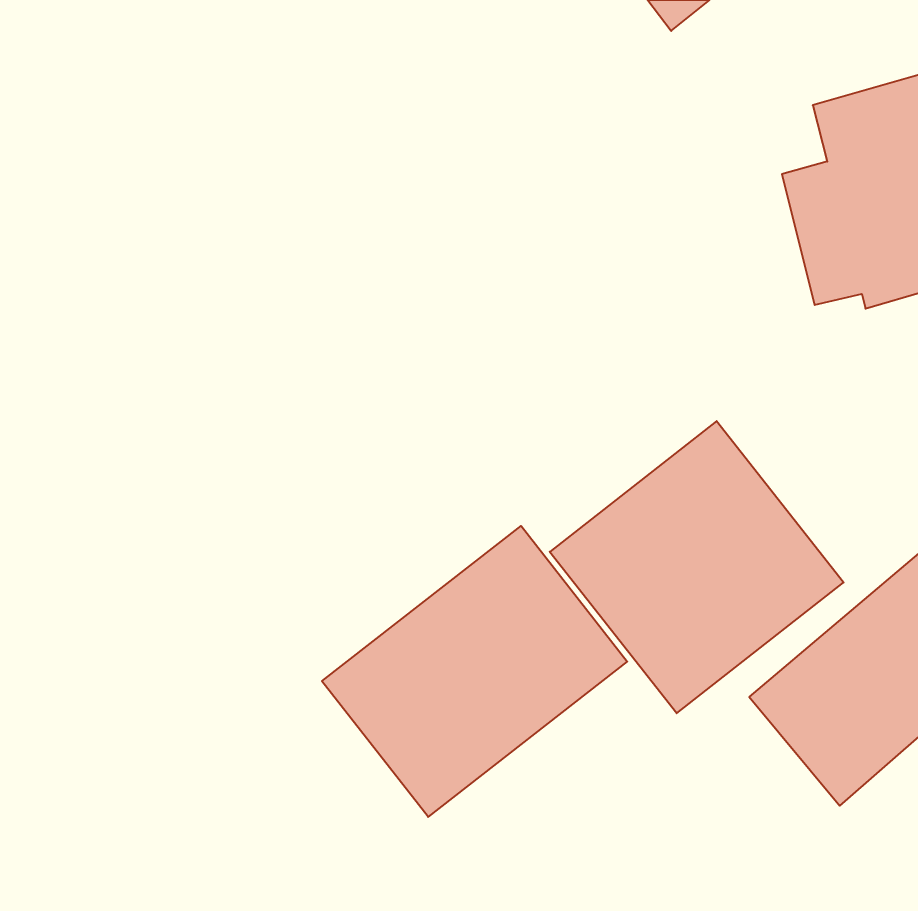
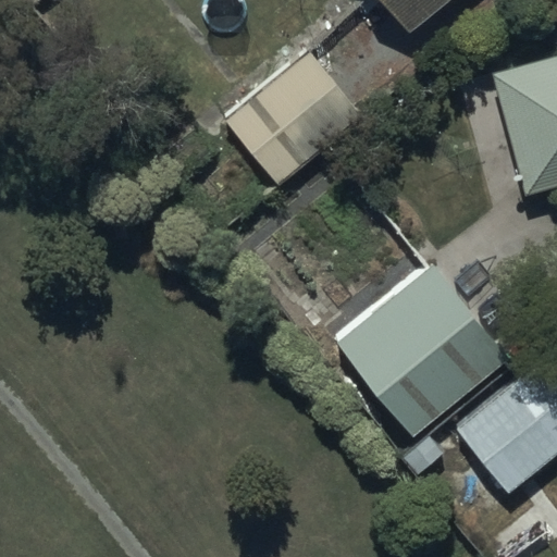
building: none -> [226,52,362,185]
building: [322,526,627,817] -> none

